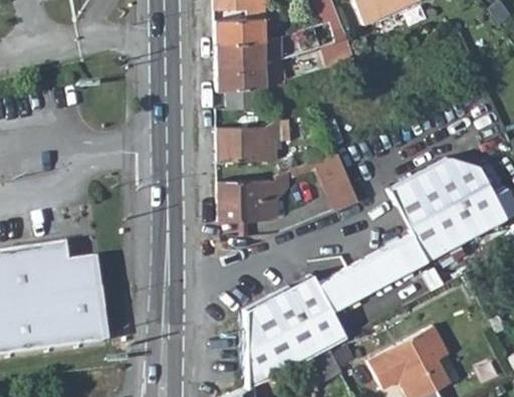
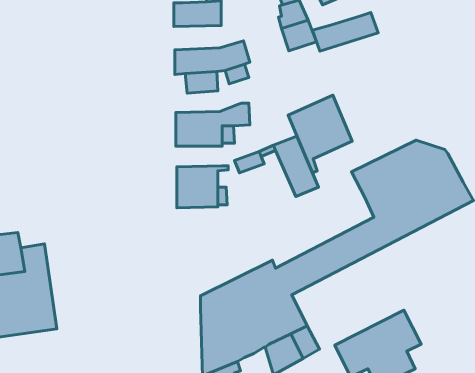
building: none -> [312,13,378,51]
building: [215,36,283,67] -> none
building: none -> [288,95,352,173]

